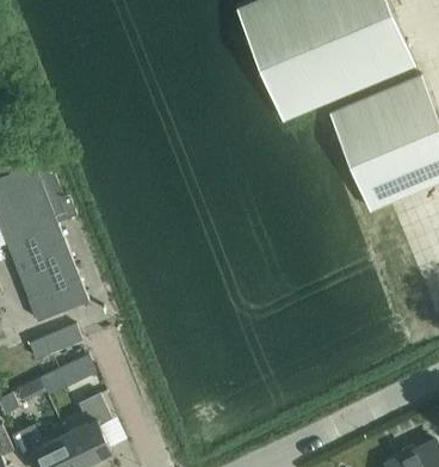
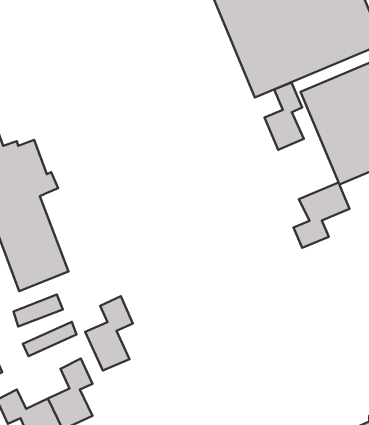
building: none -> [265,83,304,150]
building: none -> [294,183,350,248]
building: none -> [85,296,133,371]

